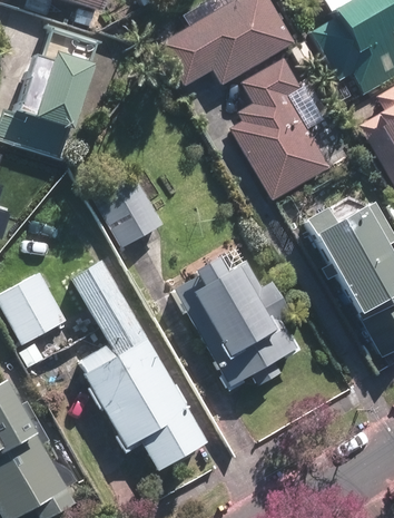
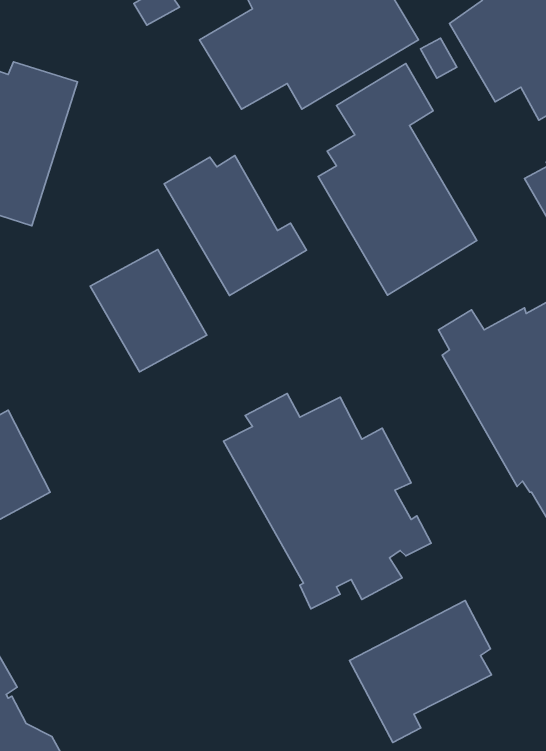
building: none -> [164,155,306,296]
building: [71,261,208,471] -> none
building: none -> [350,600,491,742]

